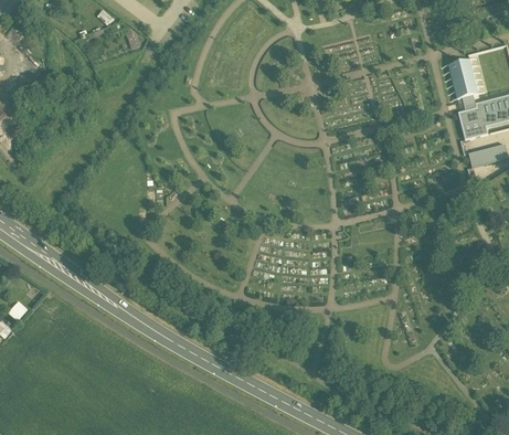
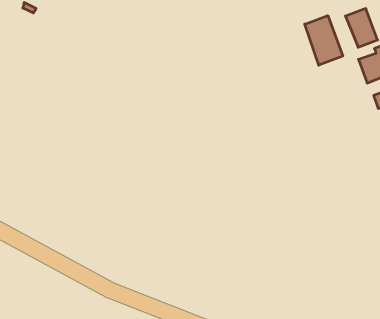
building: none -> [305,16,343,65]

